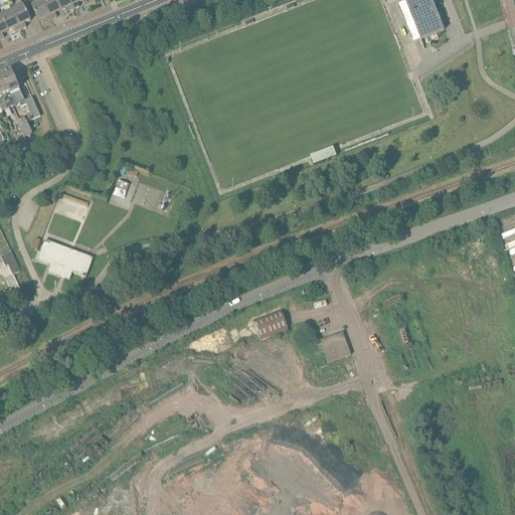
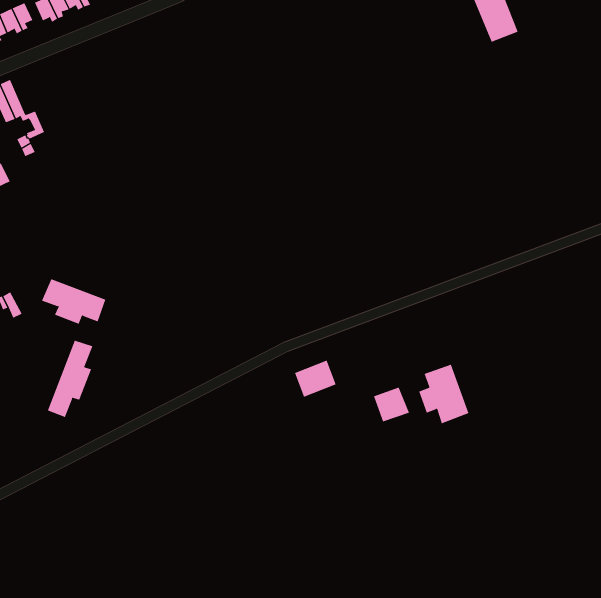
building: none -> [47,340,93,418]
building: none -> [419,364,469,424]

